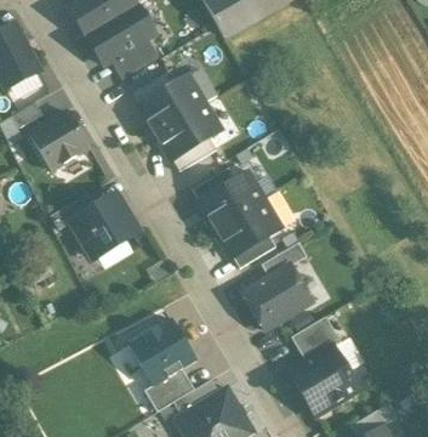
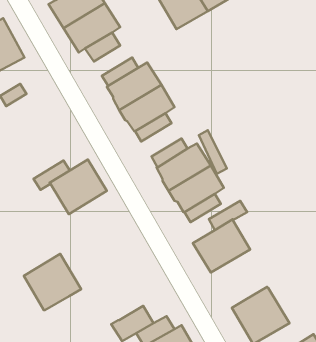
building: [29,110,90,170] -> none
building: [291,317,342,362] -> none
building: [129,318,198,386] -> [24,254,81,310]

